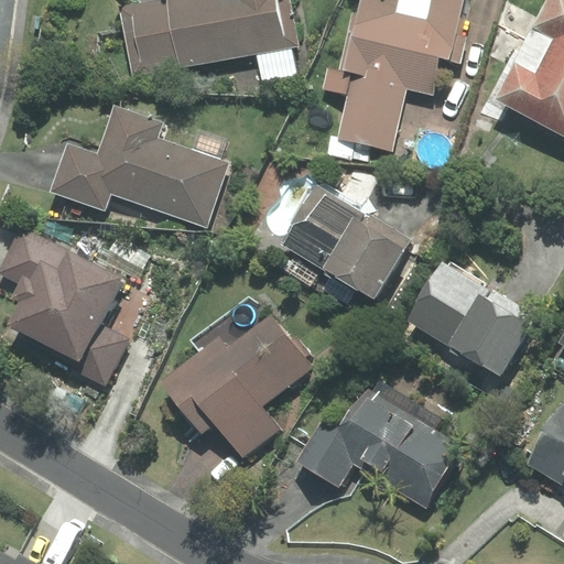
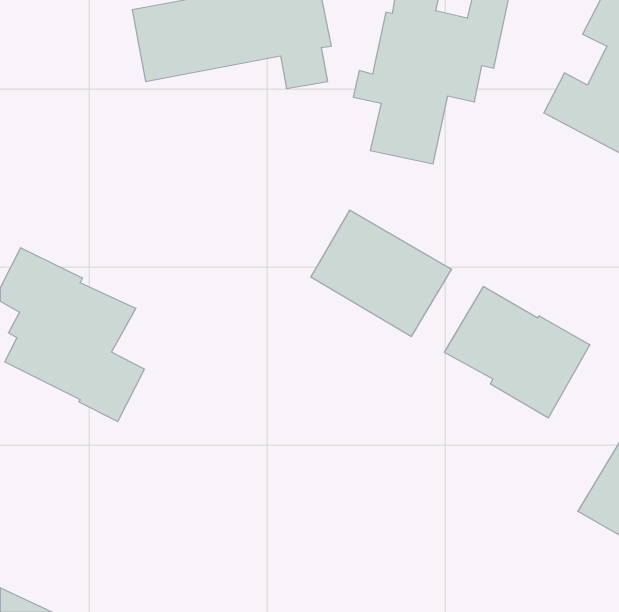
building: [50,106,230,225] -> none
building: [160,316,312,457] -> none
building: [290,383,462,506] -> none

